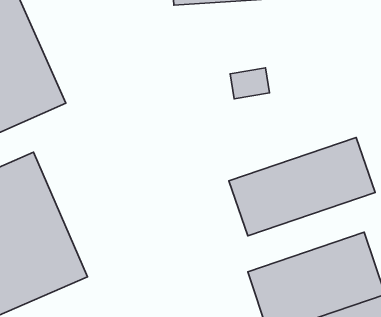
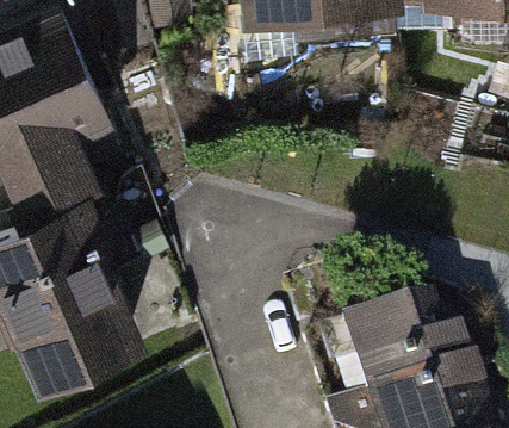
building: [229,137,375,236] -> none

